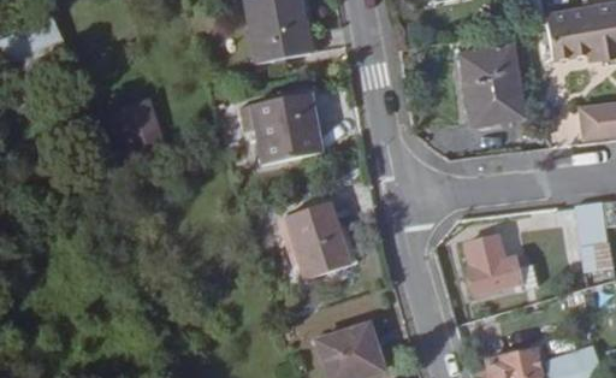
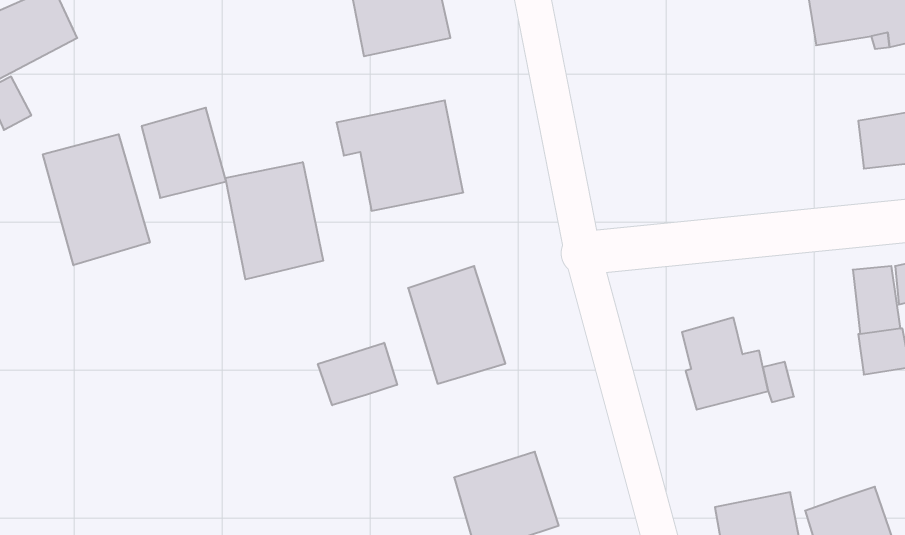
building: [460,43,525,123] -> none
building: none -> [43,134,150,265]
building: none -> [225,162,323,279]
building: none -> [318,343,397,405]

